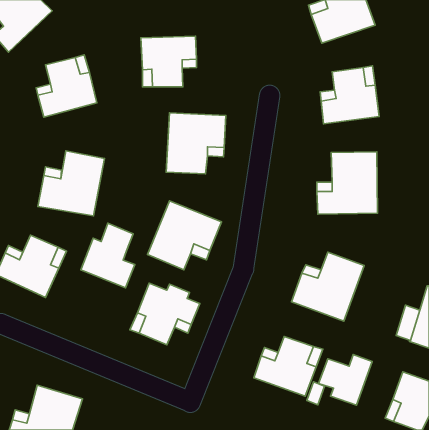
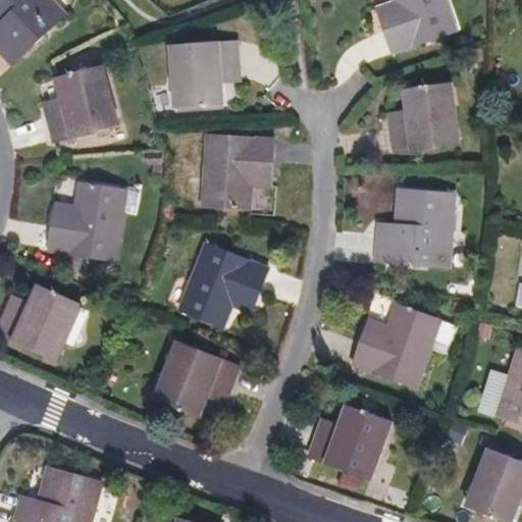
building: [81,223,135,288] -> none
building: [318,355,372,405] -> none

